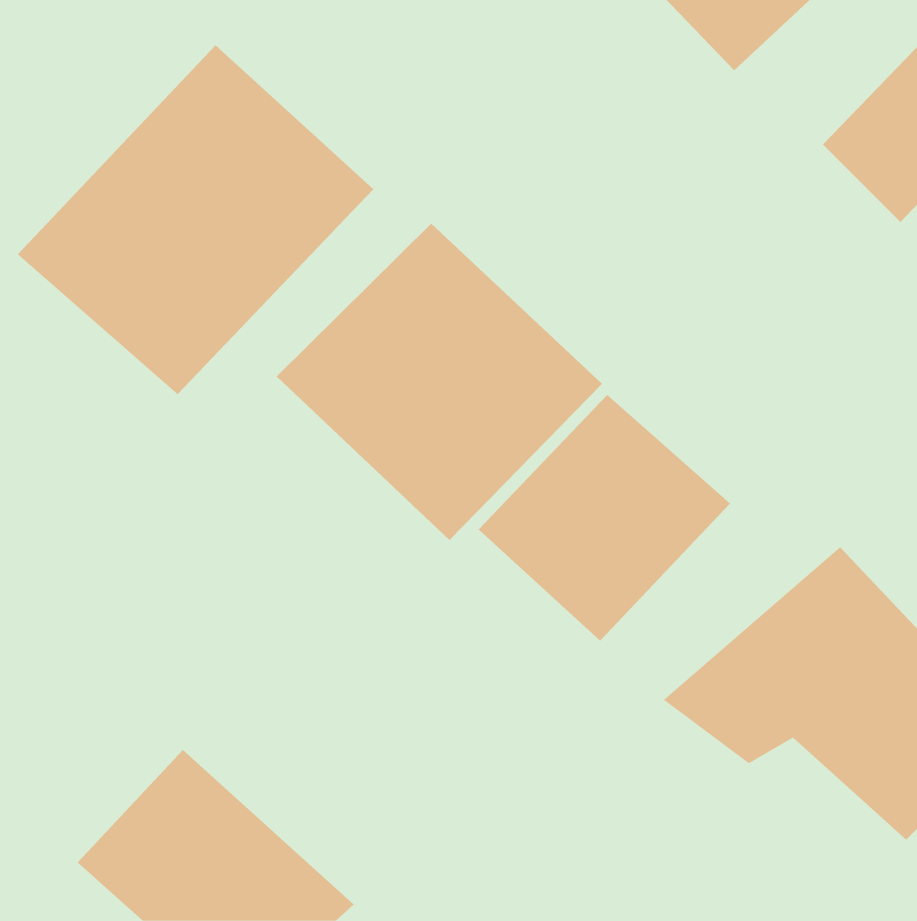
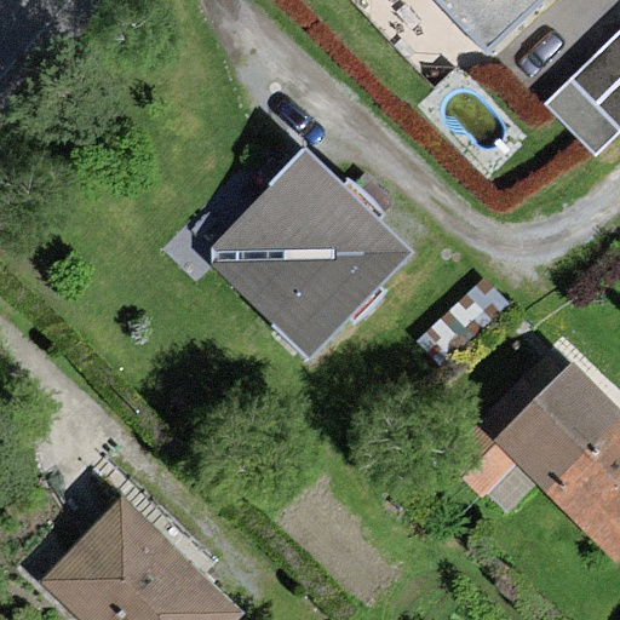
building: [17,45,374,395] -> none
building: [478,394,731,642] -> none

